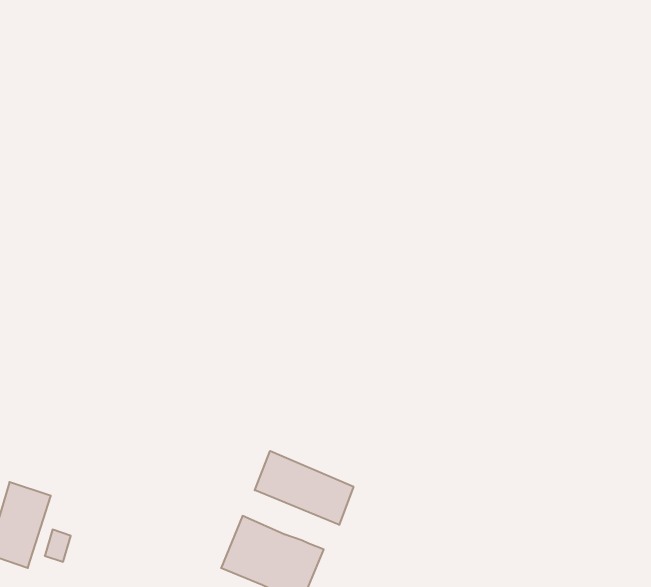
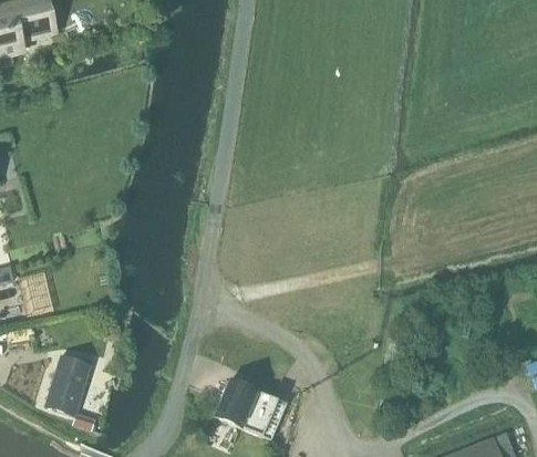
building: [255,451,353,525] -> none

